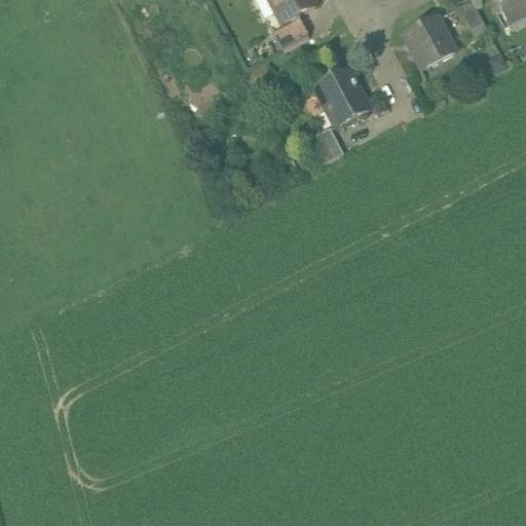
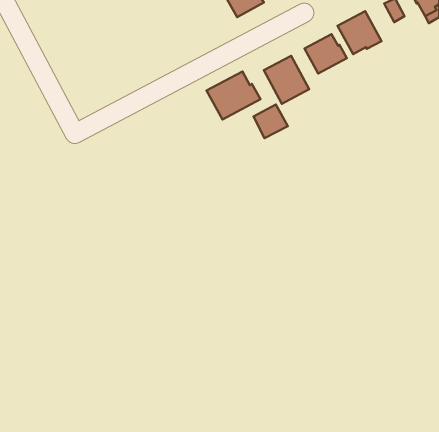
building: [274,16,309,47] -> none
building: none -> [304,34,347,74]
building: none -> [207,71,260,119]

